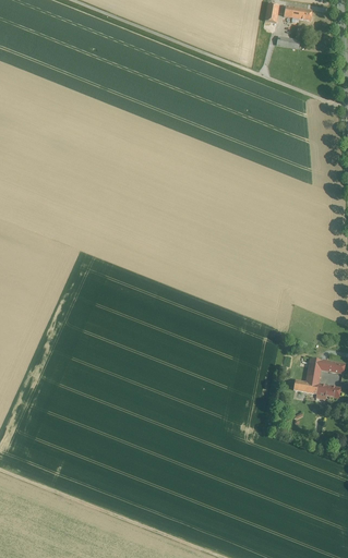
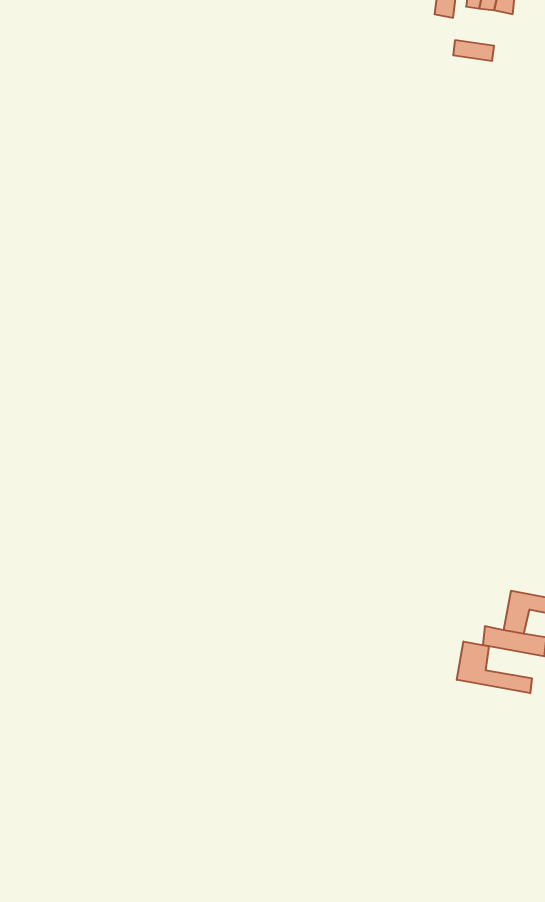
building: none -> [457,641,532,693]

